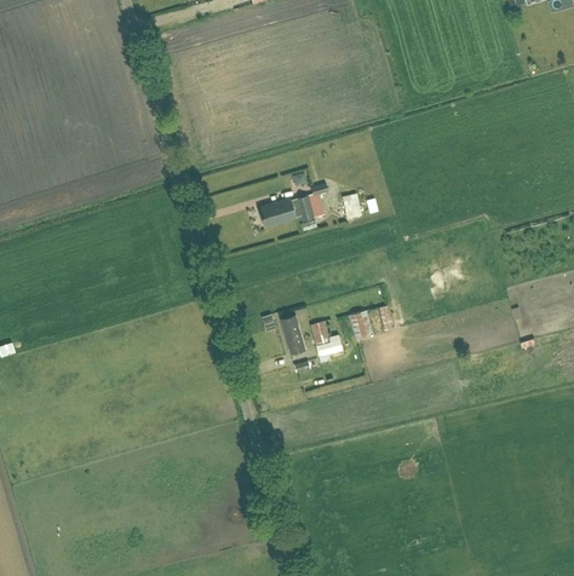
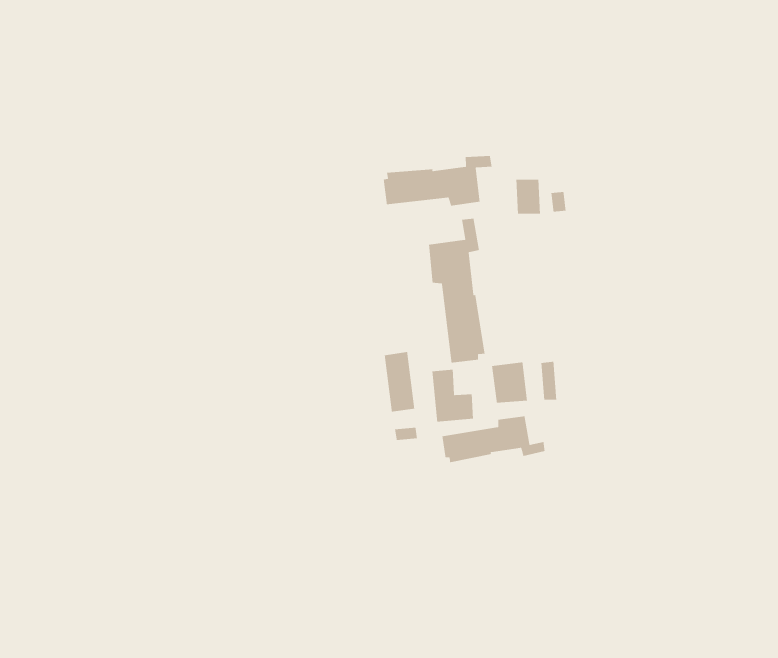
building: none -> [428,218,485,364]
building: none -> [441,415,546,463]

